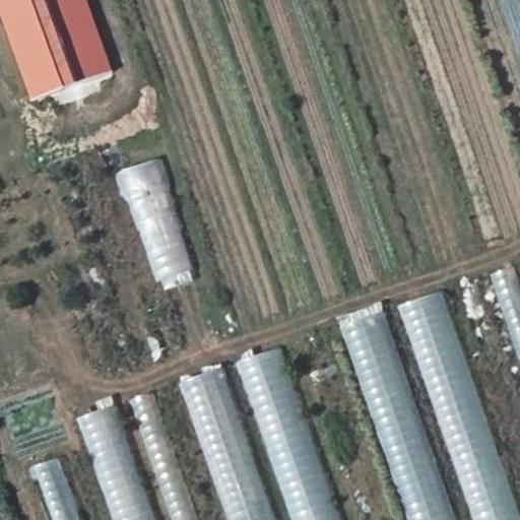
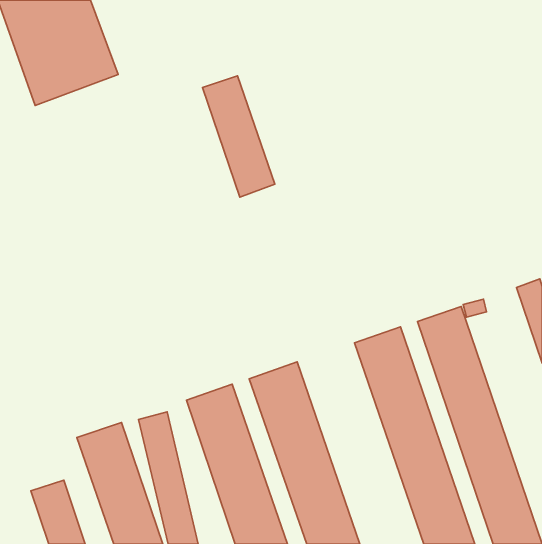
building: [122,164,191,279] -> [202,76,275,197]

